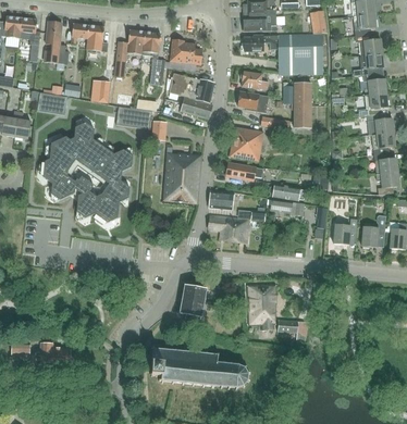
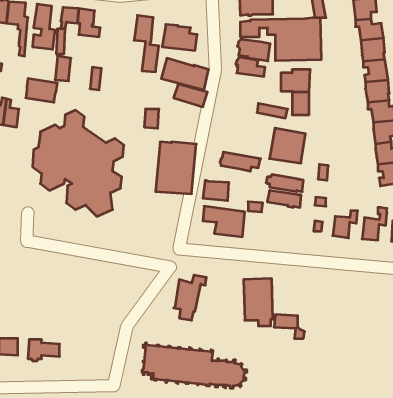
building: [113,29,145,76] -> none
building: [236,91,268,112] -> [237,39,270,61]
building: [115,105,151,128] -> none
building: [229,126,263,160] -> [269,128,305,163]

